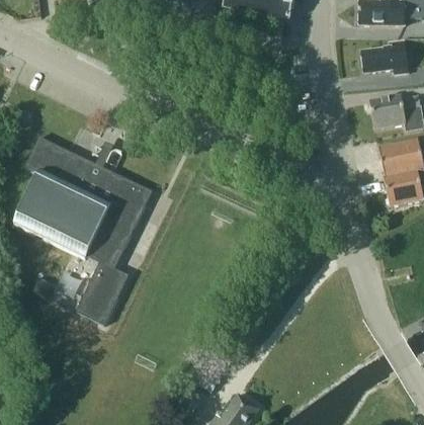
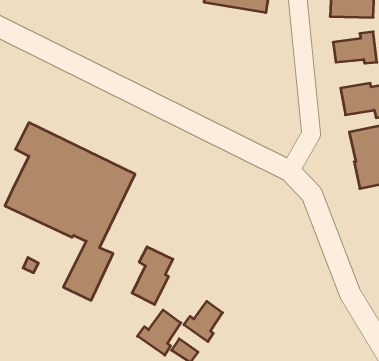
building: none -> [132,247,173,305]
building: none -> [184,301,223,342]
building: none -> [137,310,181,355]

